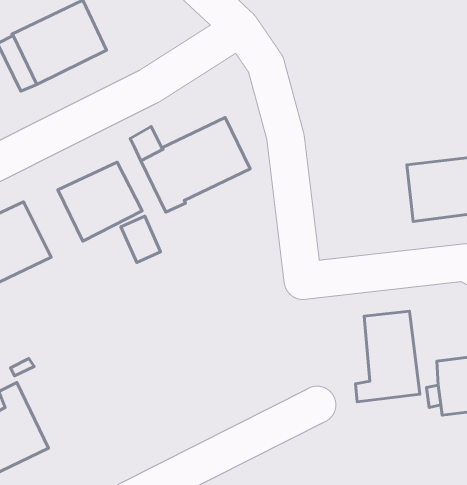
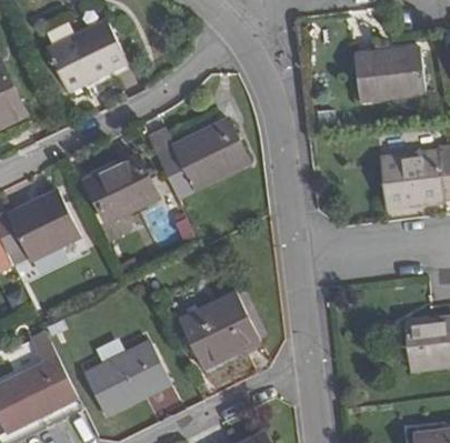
building: none -> [354,48,424,100]
building: [355,311,420,402] -> none
building: none -> [180,291,260,369]
building: none -> [84,341,171,415]

